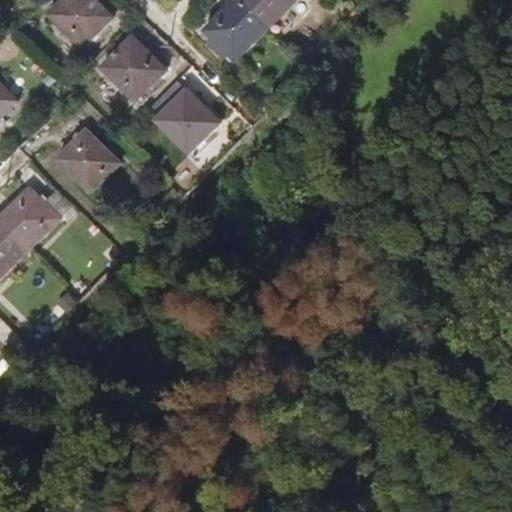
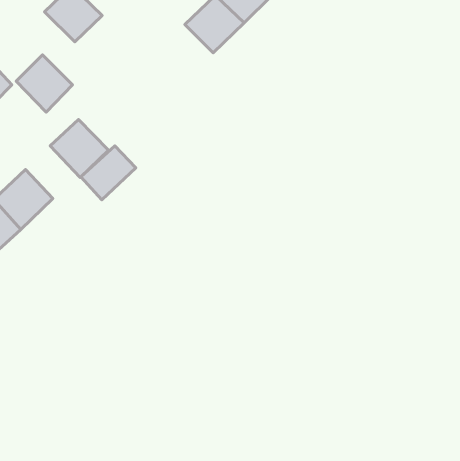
building: [102,37,164,100] -> [16,55,73,112]
building: [154,89,217,152] -> none
building: none -> [81,146,136,200]

